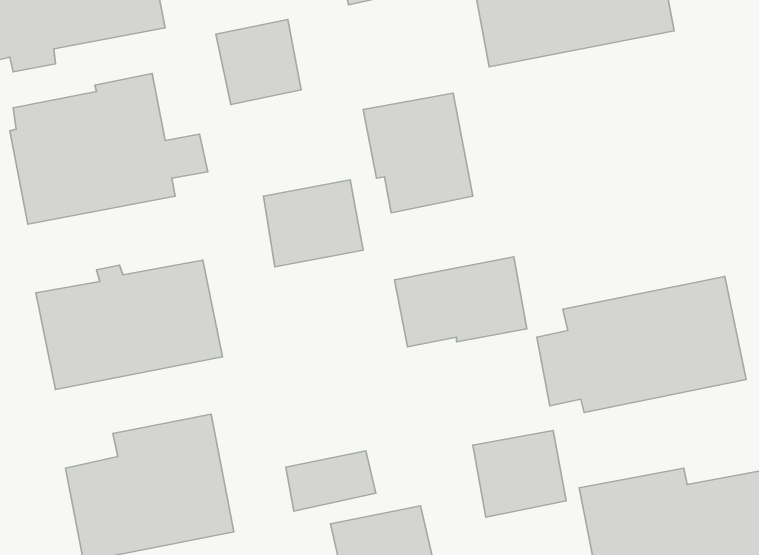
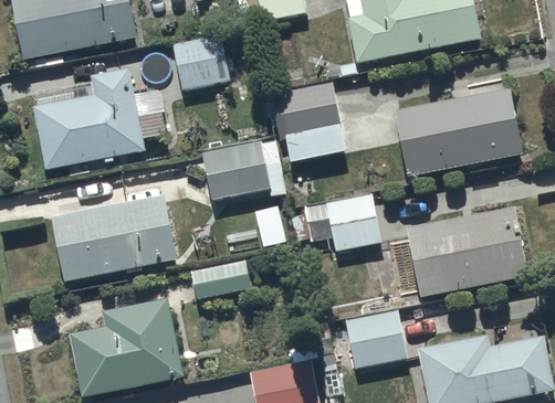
building: none -> [394,87,523,177]
building: [286,451,376,511] -> [190,258,251,299]

